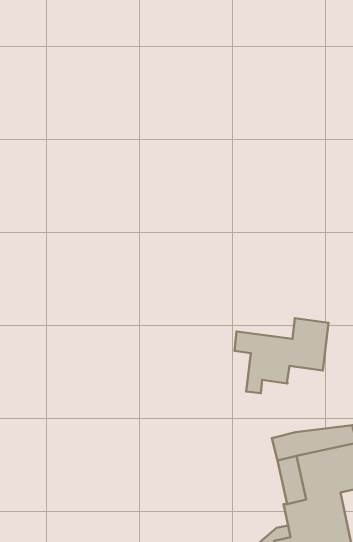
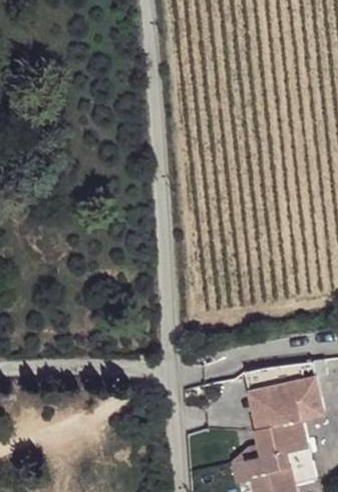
building: [235,318,328,393] -> none

